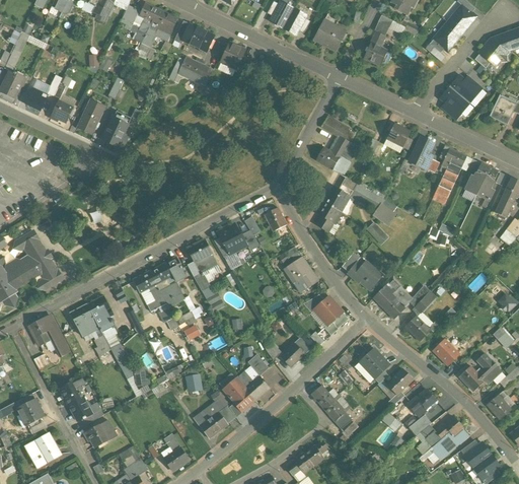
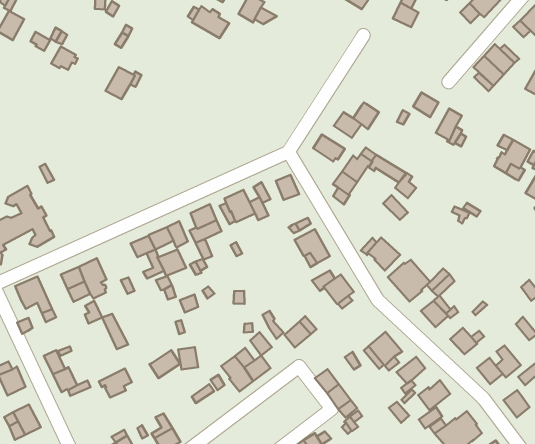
building: [77,101,104,134] -> none
building: [320,115,350,139] -> [313,134,345,161]
building: [433,145,466,203] -> none
building: [200,411,228,437] -> [150,350,180,378]
building: [84,419,115,446] -> [99,369,132,397]

